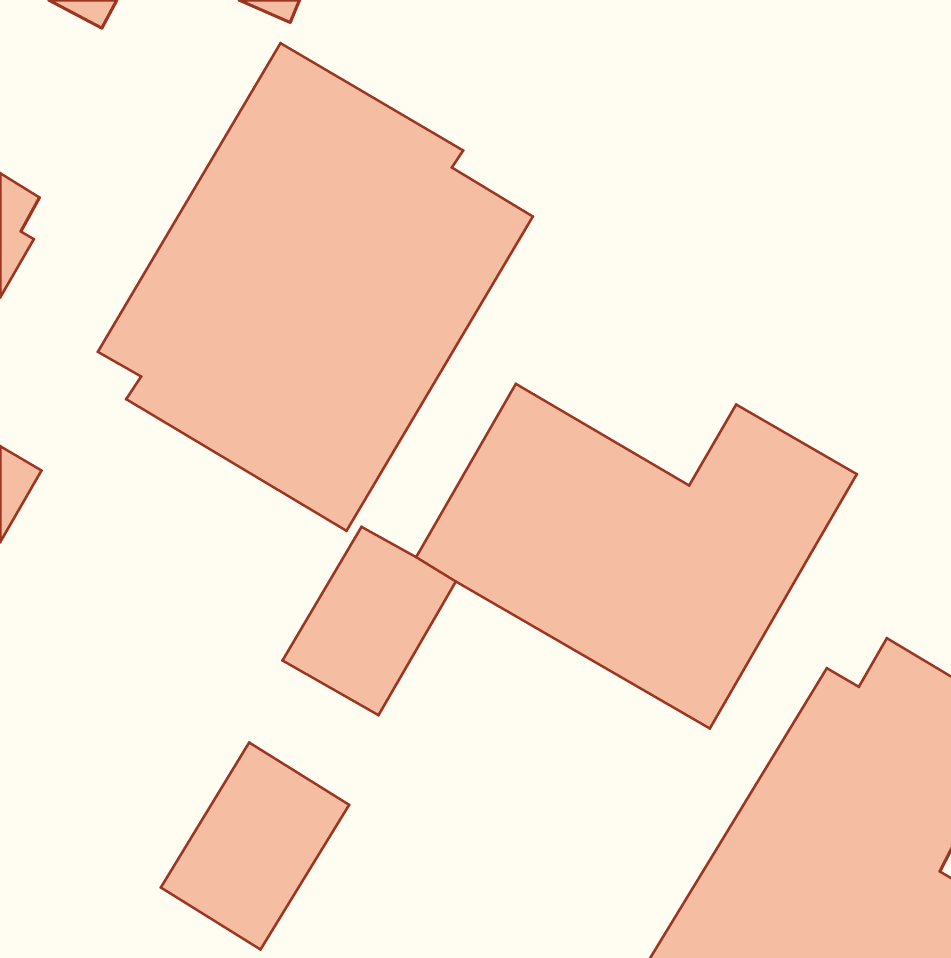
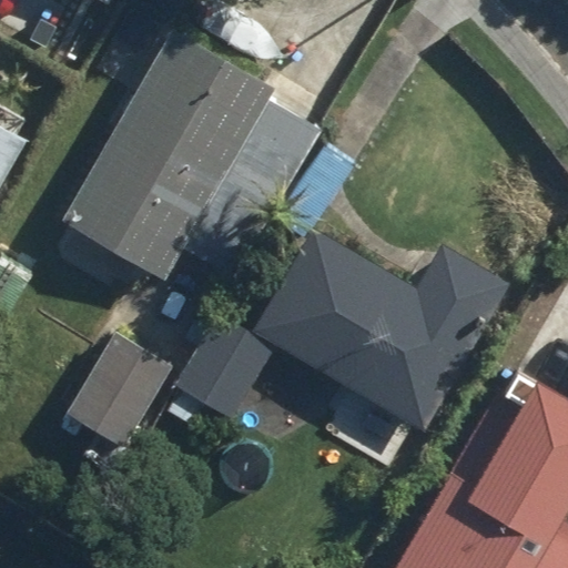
building: [161,743,349,950] -> [63,332,174,454]

